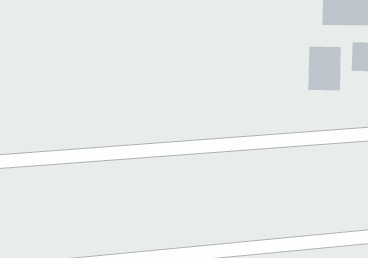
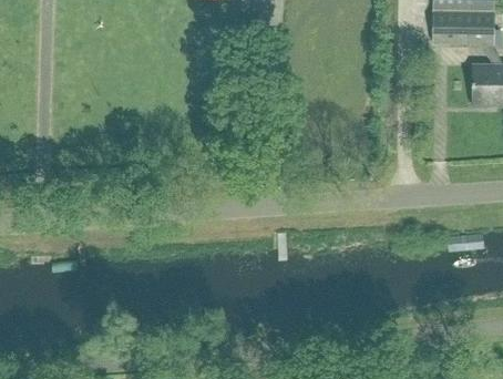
building: [308,46,341,91] -> none

